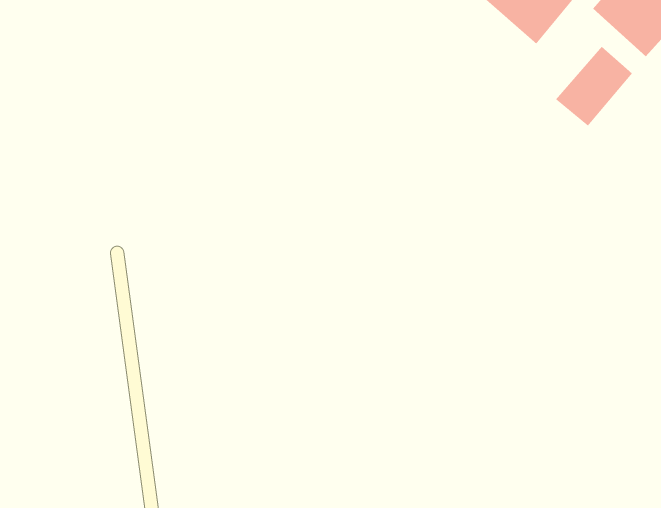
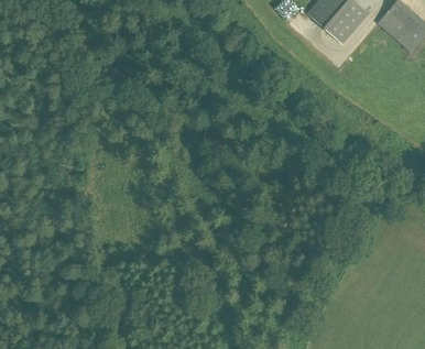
building: [555,46,633,127] -> none

